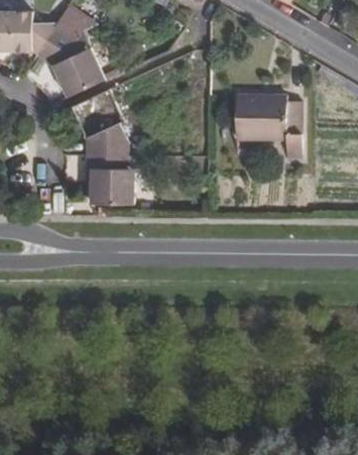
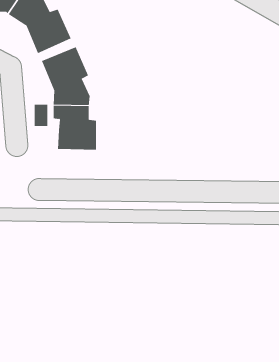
building: [236,94,302,153] -> none

